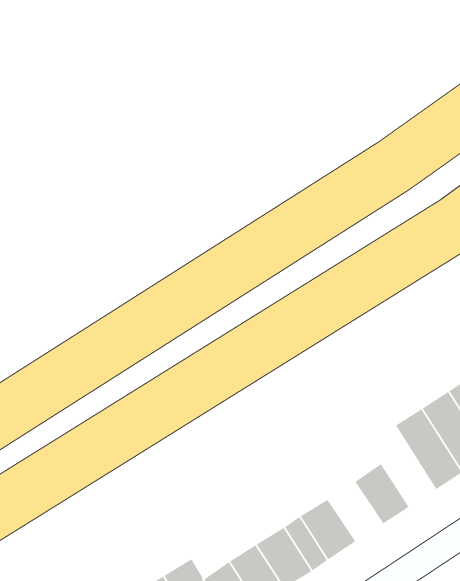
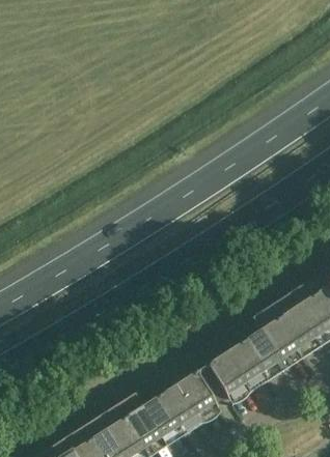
building: none -> [255,311,301,365]
building: none -> [229,348,266,388]

